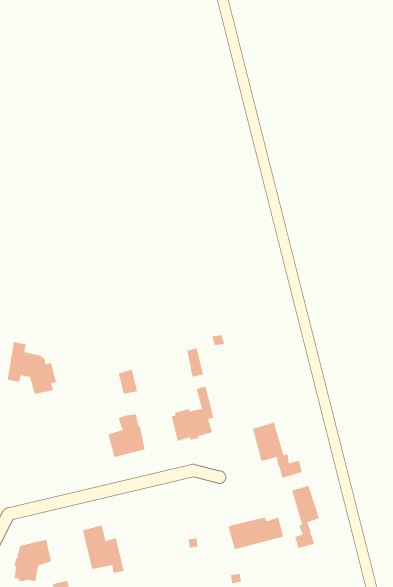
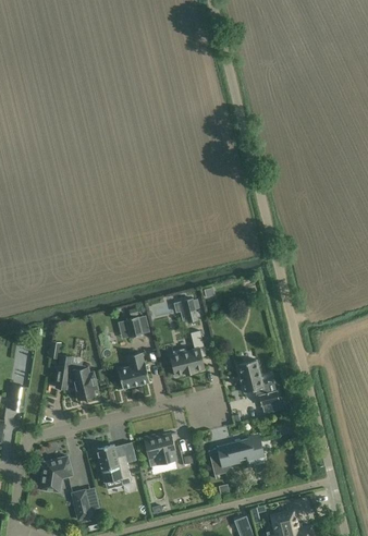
building: [7,341,57,396] -> [56,355,97,400]
building: [291,485,320,549] -> none
building: none -> [144,435,177,466]

